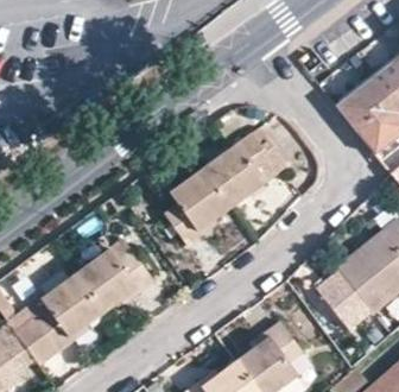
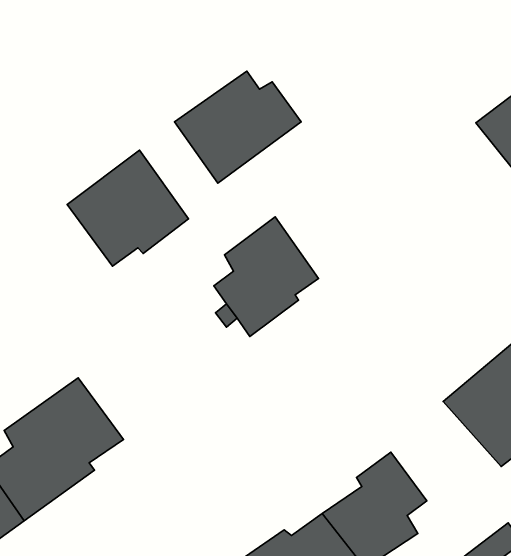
building: [204,133,287,207] -> [175,71,301,183]
building: [75,236,154,312] -> [67,150,188,266]

